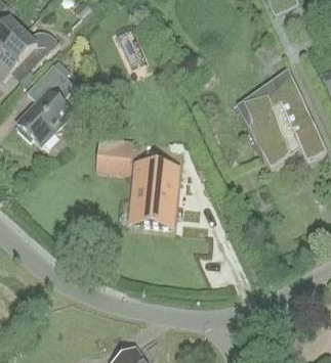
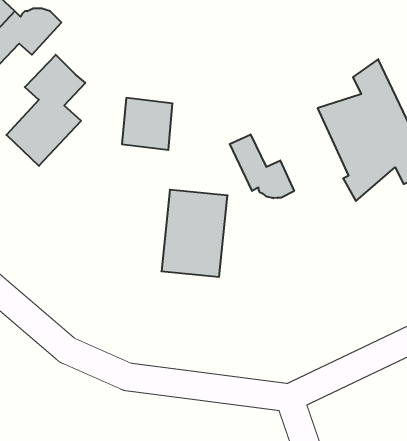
building: none -> [230,134,294,198]
building: [95,136,132,174] -> [122,98,173,150]

